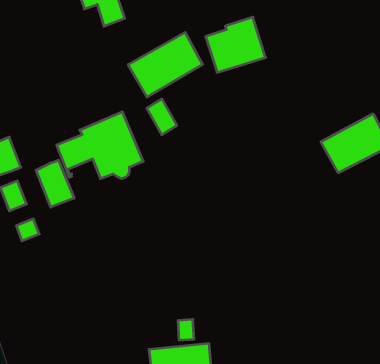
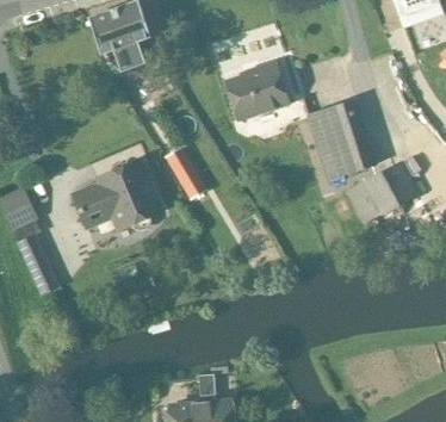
building: [128,32,203,97] -> none
building: none -> [308,99,377,180]
building: [36,160,74,207] -> none

